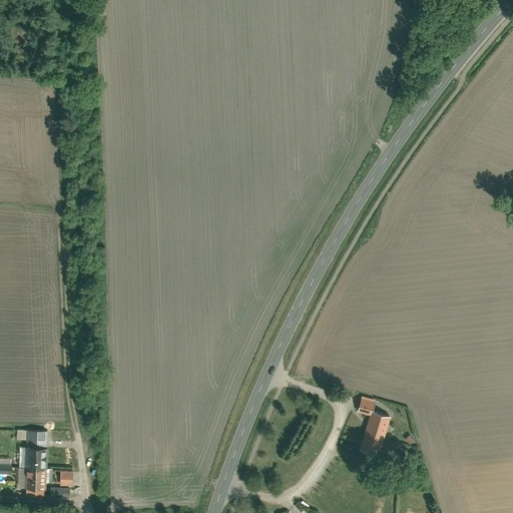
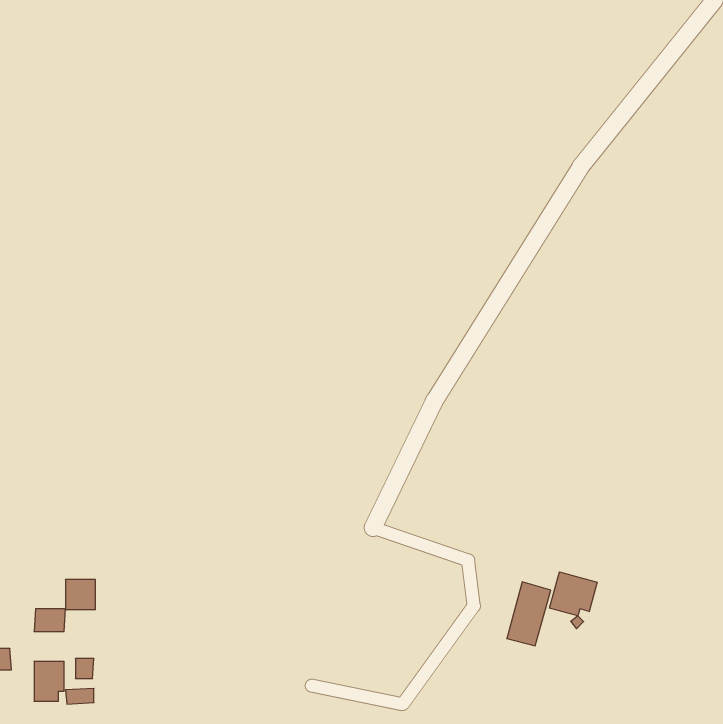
building: none -> [550,572,597,616]
building: [24,447,45,468] -> [65,580,95,610]

